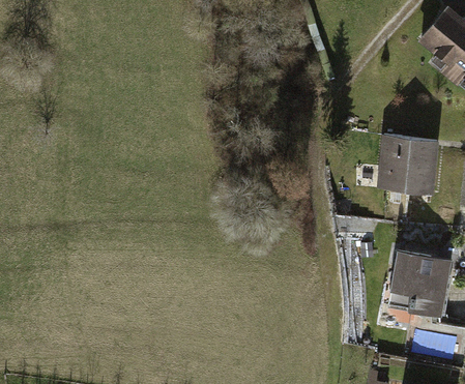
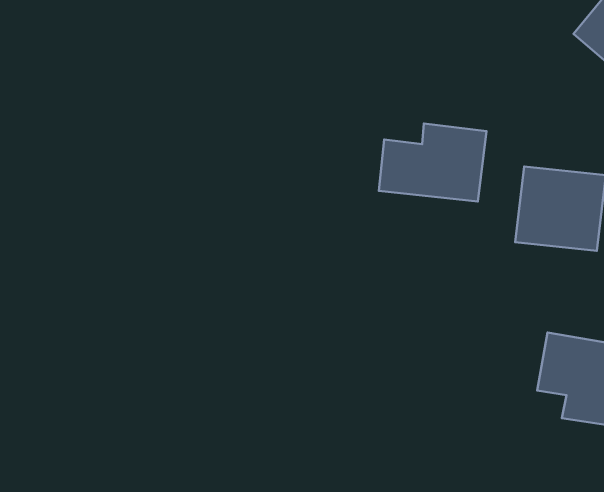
building: none -> [379,123,486,202]

